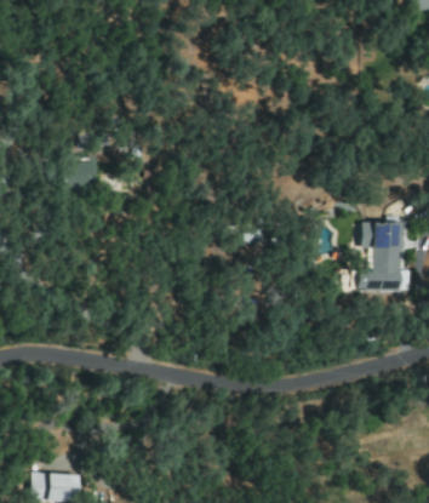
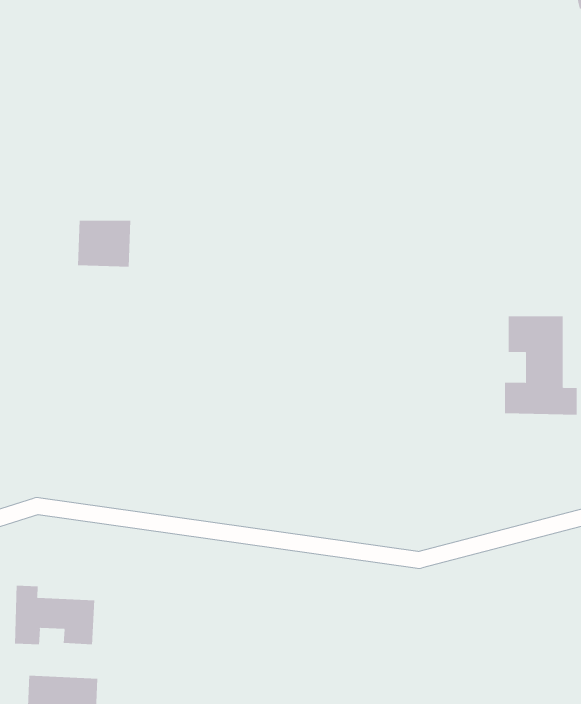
building: none -> [14,585,95,645]

